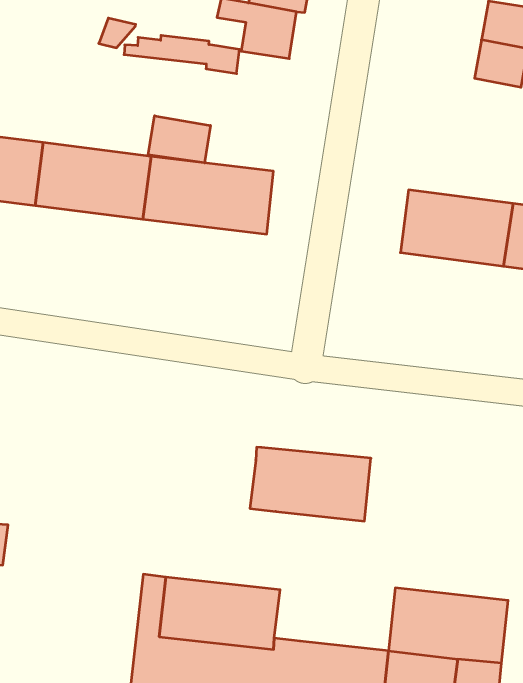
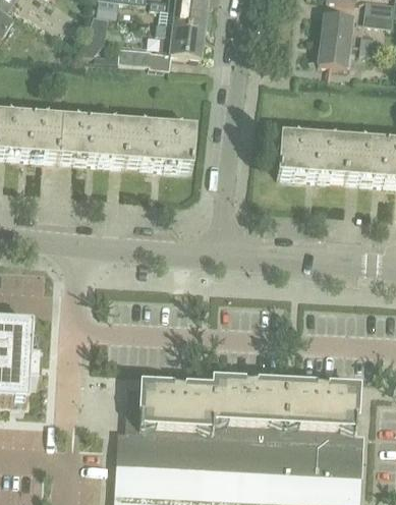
building: [148,116,210,163] -> none
building: [250,447,371,521] -> [213,376,287,418]

